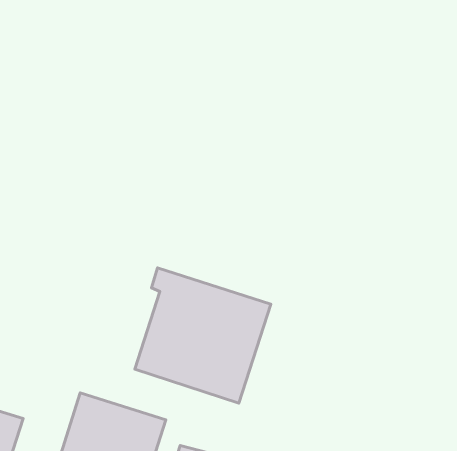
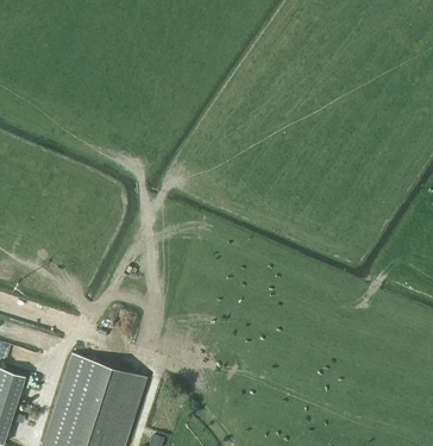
building: [135,268,271,403] -> none

